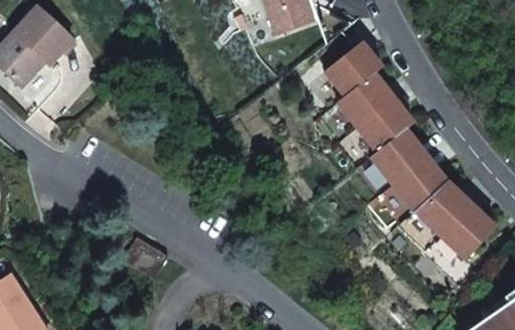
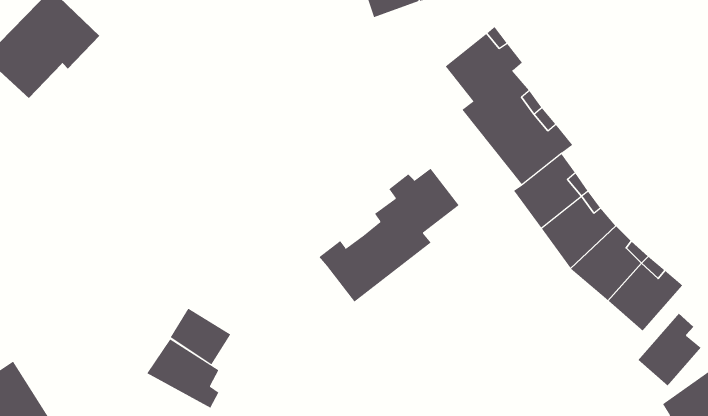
building: none -> [319,168,459,302]
building: none -> [637,313,702,387]
building: none -> [146,339,219,409]

